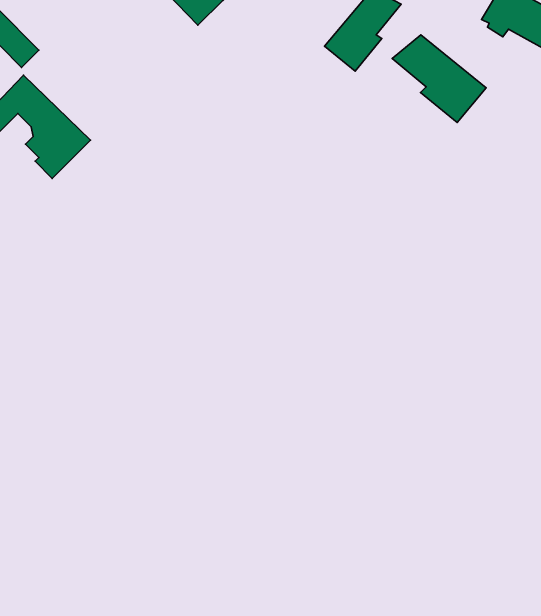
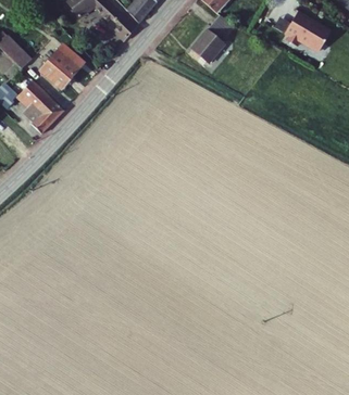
building: none -> [39,44,77,84]
building: [392,35,486,123] -> none

